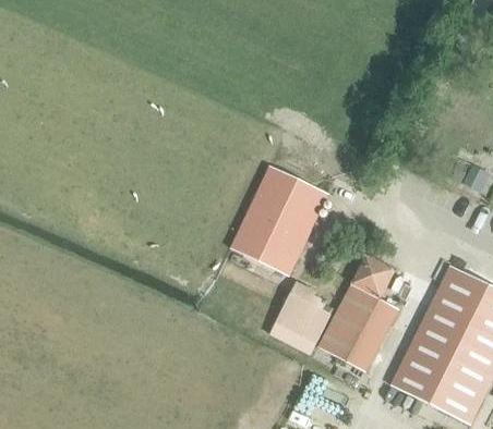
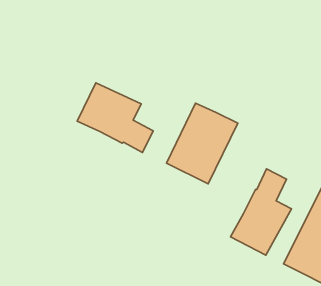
building: none -> [77,83,153,153]
building: [273,282,330,346] -> none

